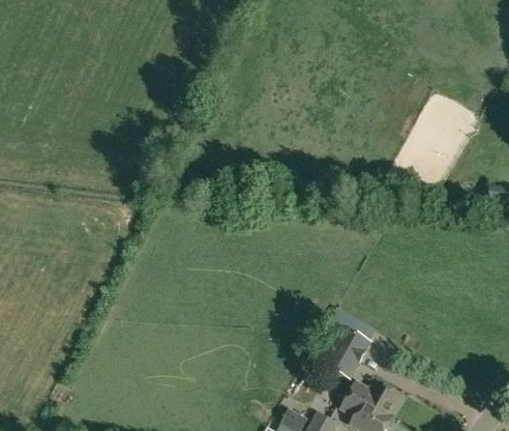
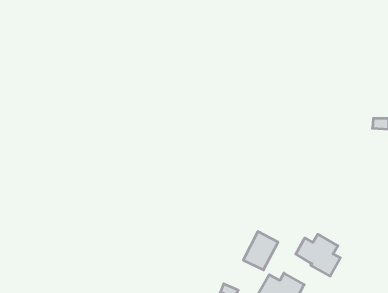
building: none -> [296,234,340,276]

